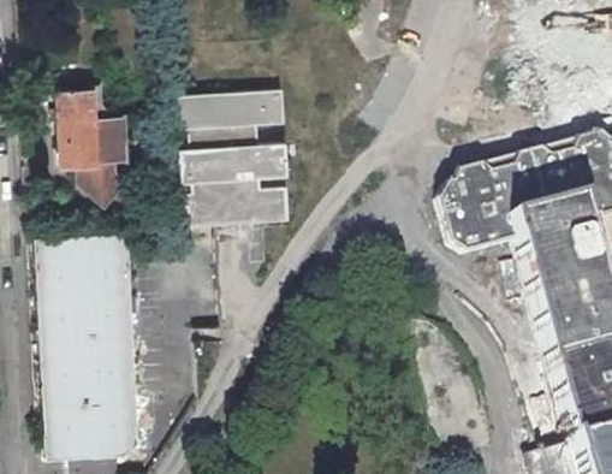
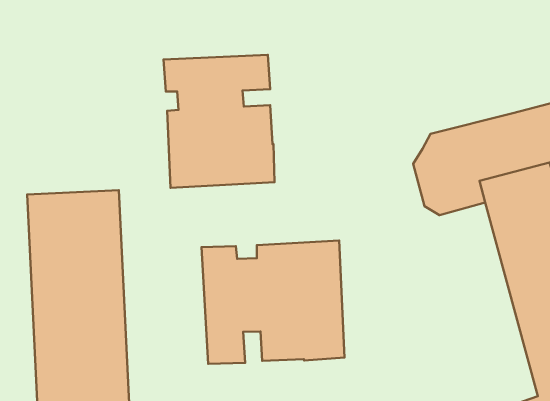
building: [59,93,131,208] -> none
building: none -> [201,241,345,364]

